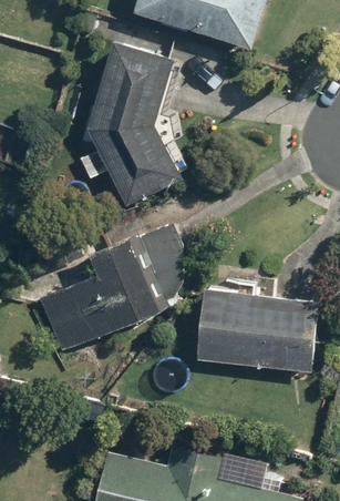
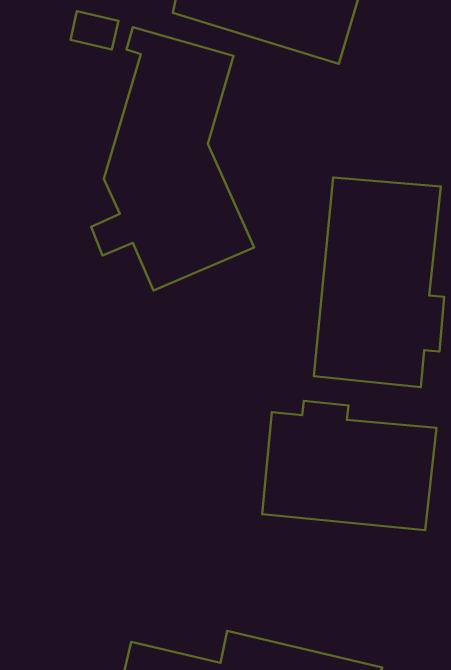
building: none -> [314,177,444,387]
building: [29,221,185,351] -> none

